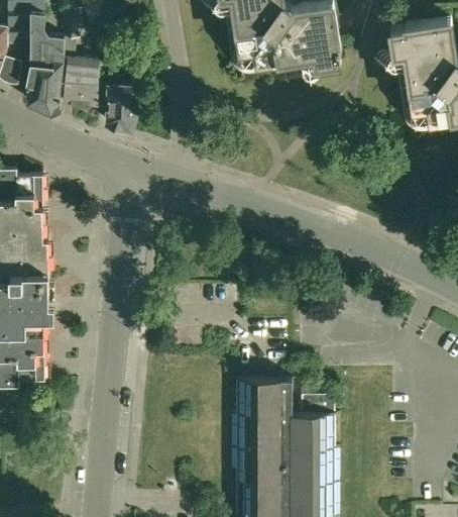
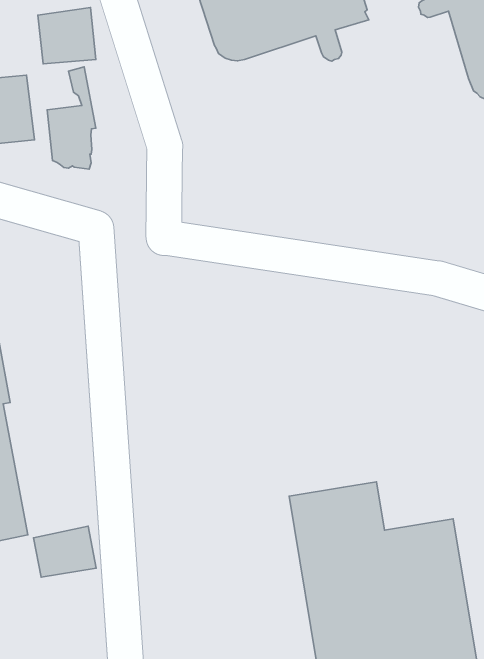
building: none -> [38,8,96,64]
building: none -> [34,526,96,577]

